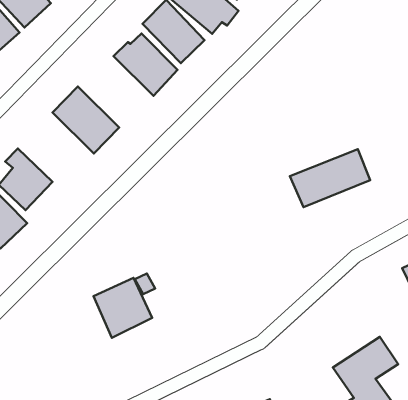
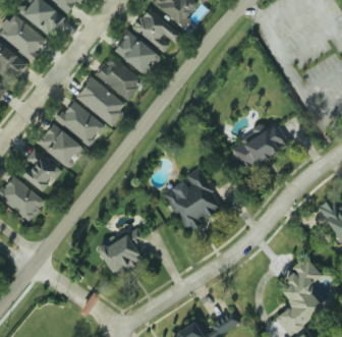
building: none -> [75,76,124,126]
building: none -> [37,123,84,168]
building: none -> [163,170,222,233]

